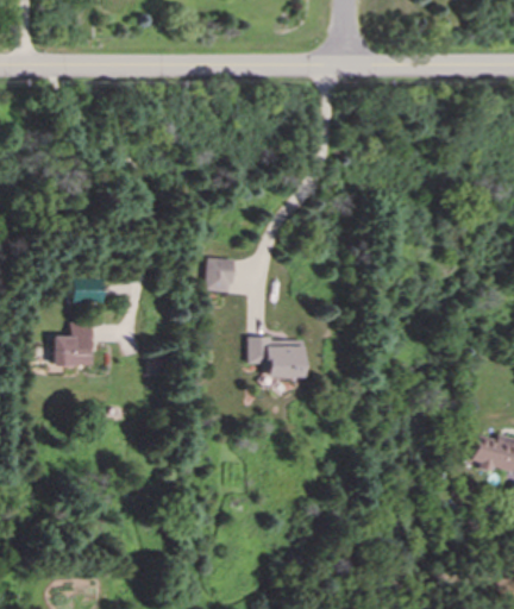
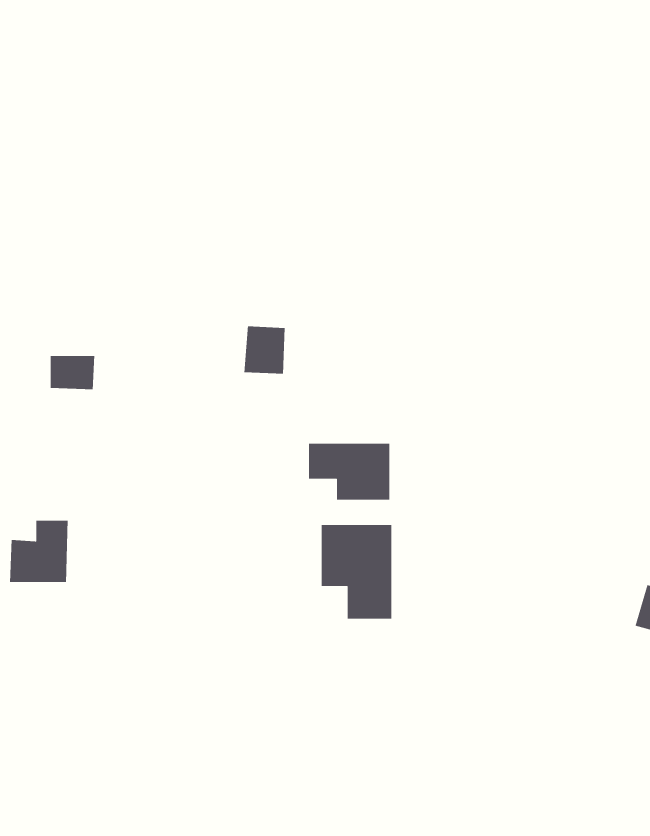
building: [54,322,94,365] -> [9,520,69,583]
building: none -> [321,524,392,619]

